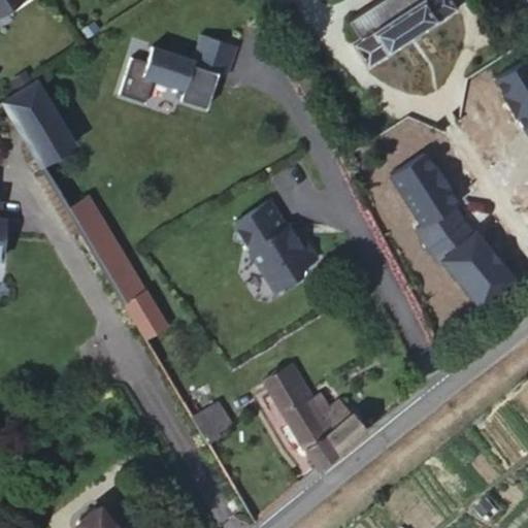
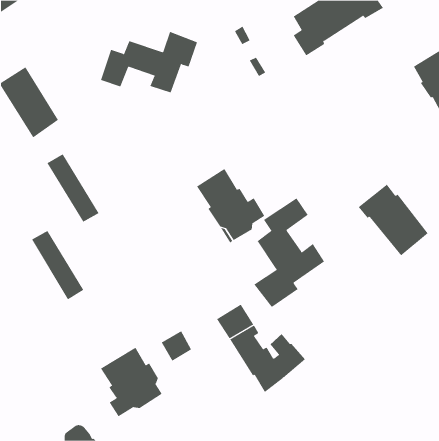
building: [392,152,465,248] -> none
building: none -> [254,197,325,308]
building: [102,255,165,338] -> [31,230,84,300]
building: none -> [100,347,162,417]

